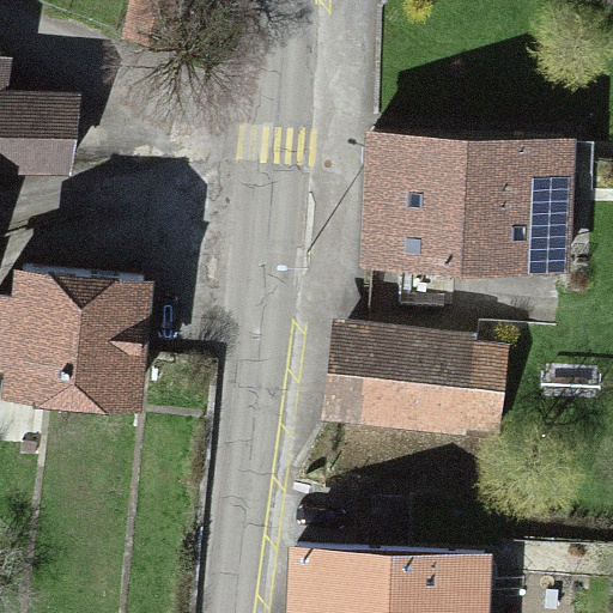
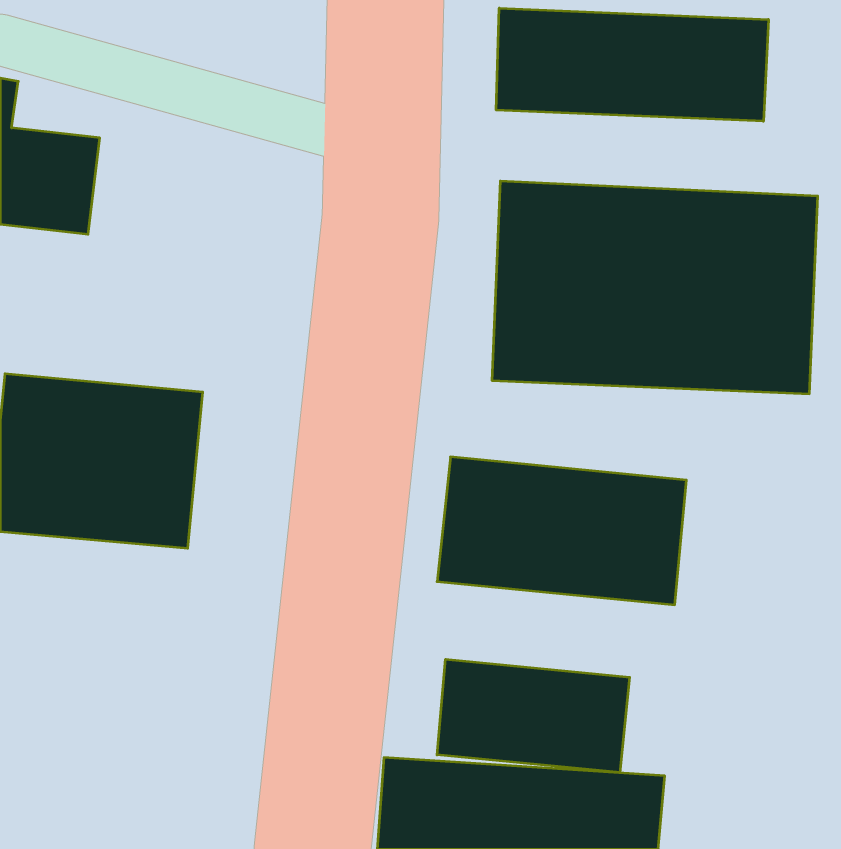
building: none -> [496,8,768,121]
building: none -> [437,659,630,773]

